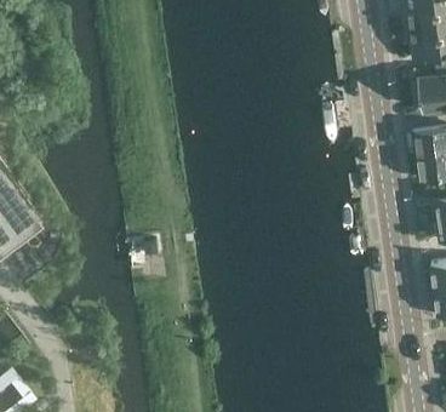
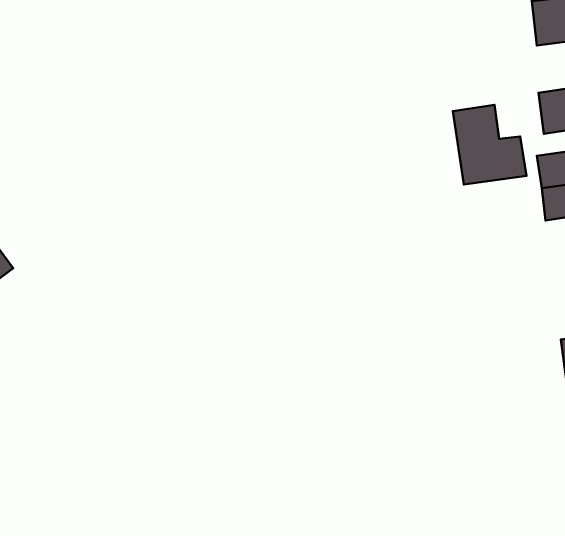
building: none -> [453,105,527,185]

